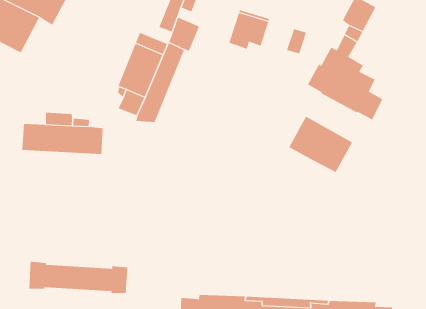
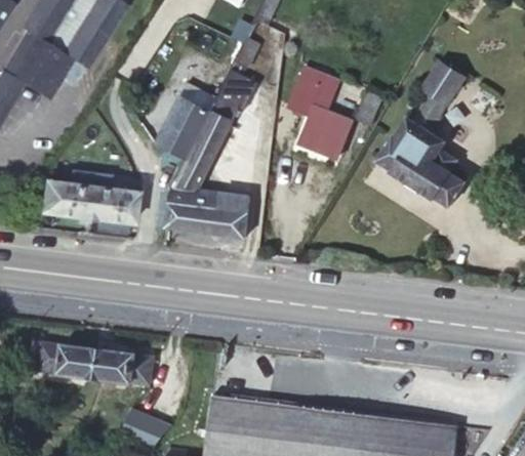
building: none -> [299,107,353,157]
building: [289,116,353,173] -> none
building: none -> [166,188,249,240]

